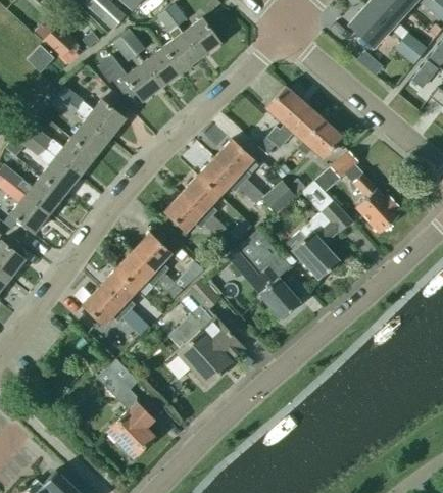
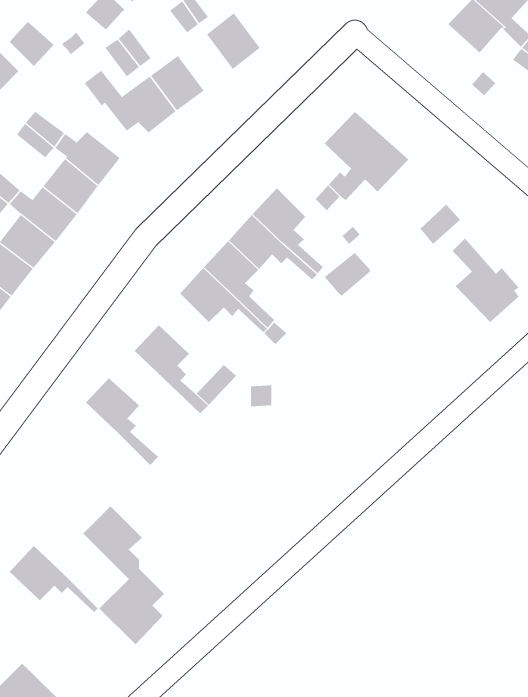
building: [163,33,201,71] -> none
building: [297,119,342,159] -> none
building: [292,181,352,279] -> none
building: [236,232,301,321] -> none
building: [115,252,179,299] -> none
building: [170,281,244,386] -> none
building: [82,288,144,335] -> [9,545,99,613]

